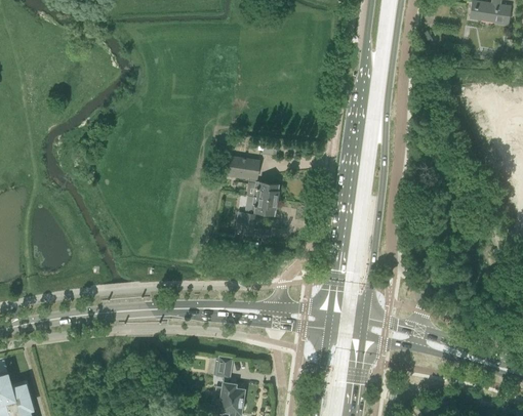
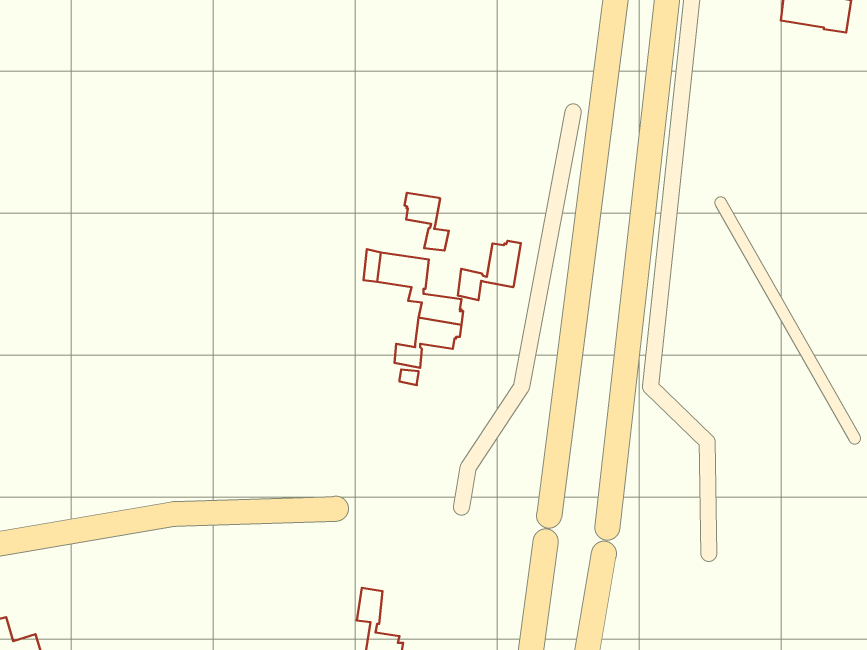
building: none -> [405,193,449,250]
building: none -> [458,241,521,300]

